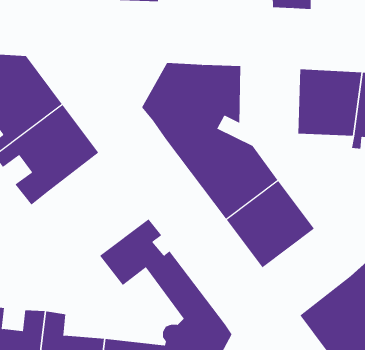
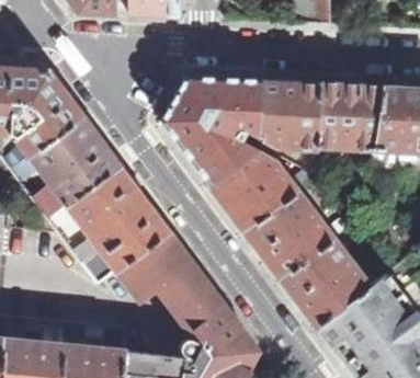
building: none -> [260,79,319,149]
building: none -> [67,165,169,283]
building: none -> [282,241,370,328]

